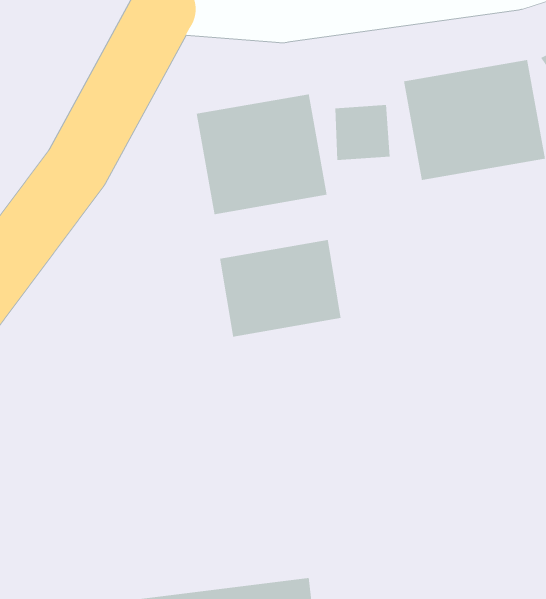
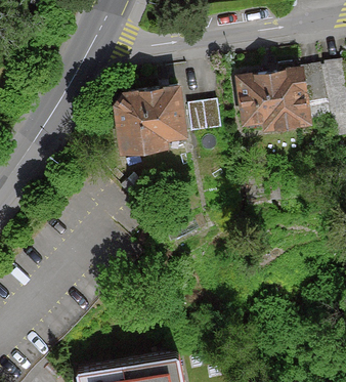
building: [220,239,341,337] -> none

